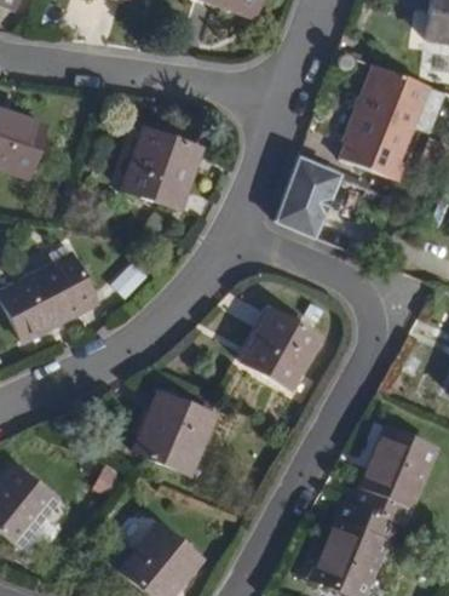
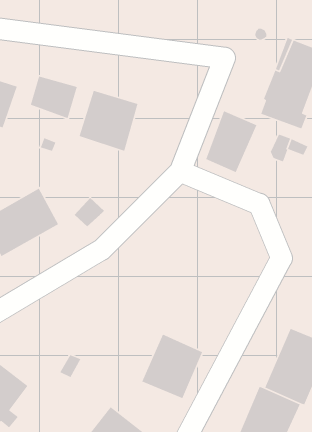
building: none -> [30,75,78,119]
building: [238,309,317,388] -> none
building: [136,392,213,475] -> [141,333,203,399]

